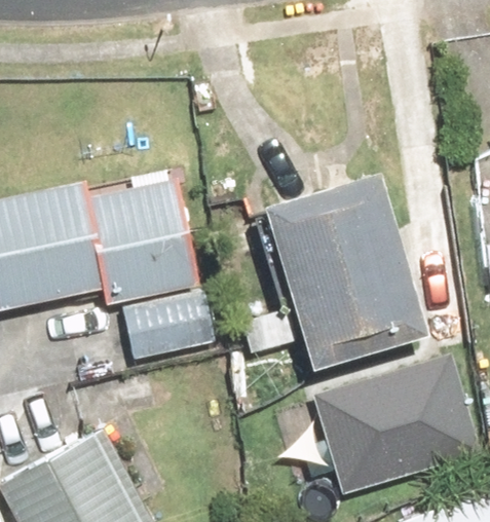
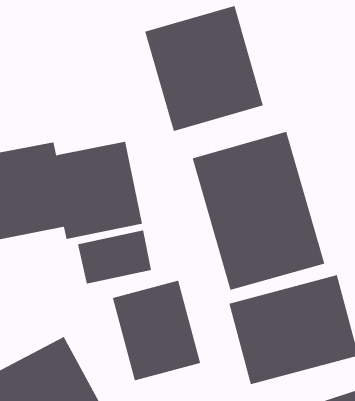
building: none -> [144,5,264,132]
building: none -> [112,280,201,381]

